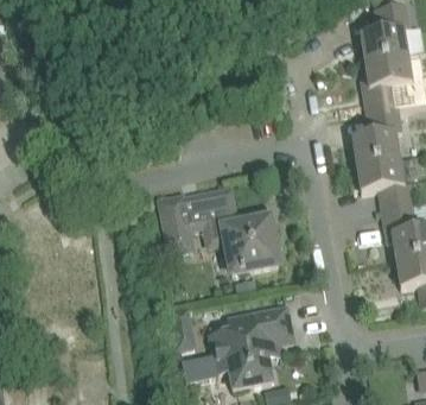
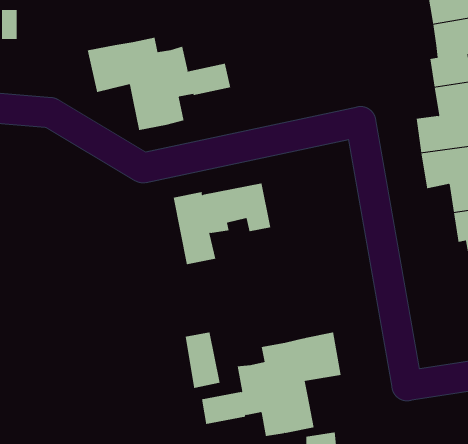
building: none -> [87,37,231,131]
building: [203,216,279,272] -> none

